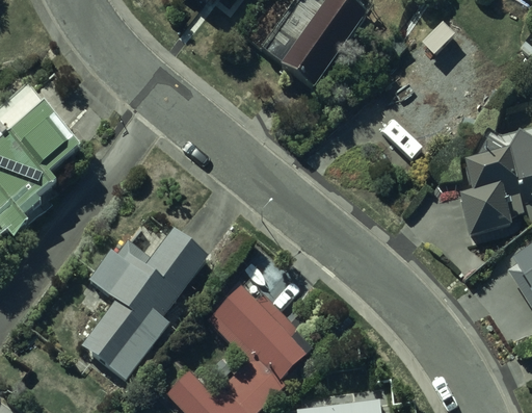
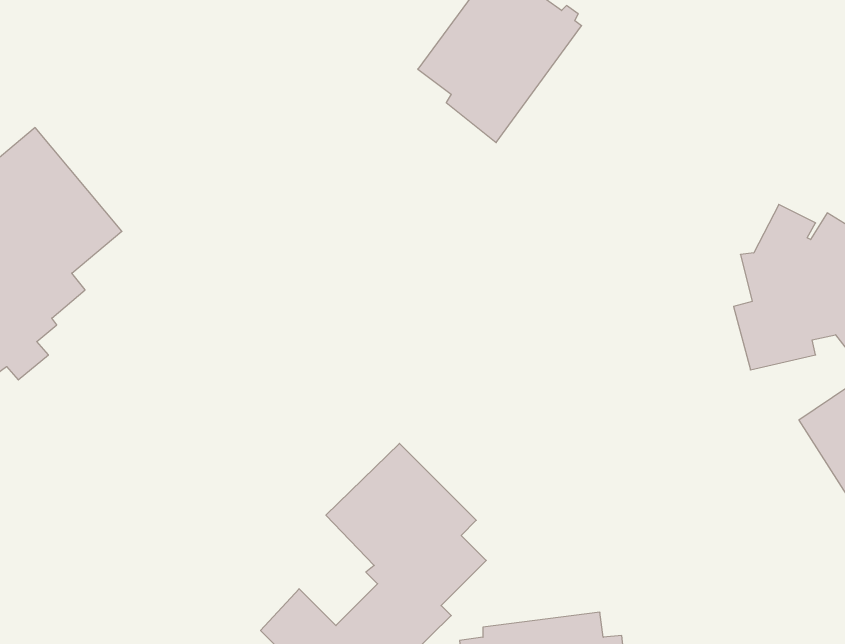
building: [80,232,207,379] -> none

